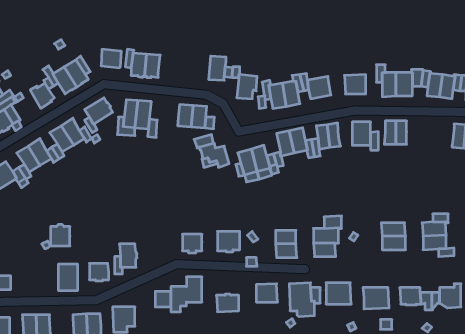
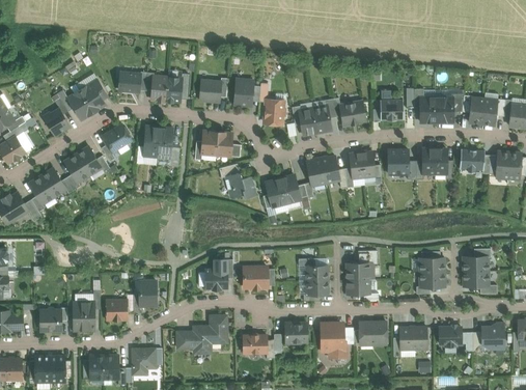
building: none -> [199,80,221,102]
building: none -> [460,148,485,172]
building: [51,225,70,246] -> [40,307,61,330]

